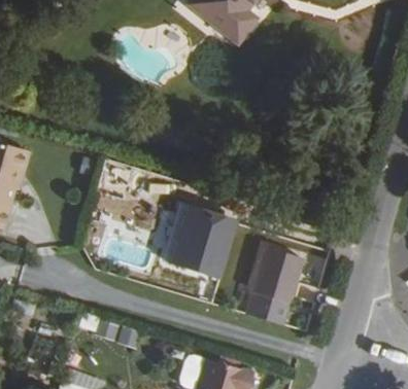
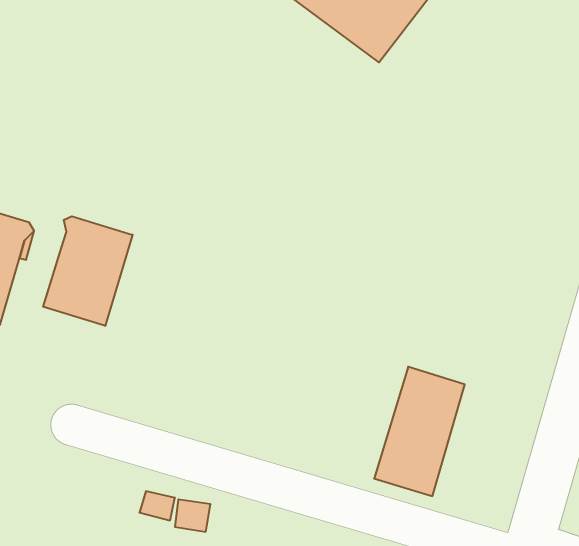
building: none -> [43,216,133,326]
building: [168,198,235,273] -> none

